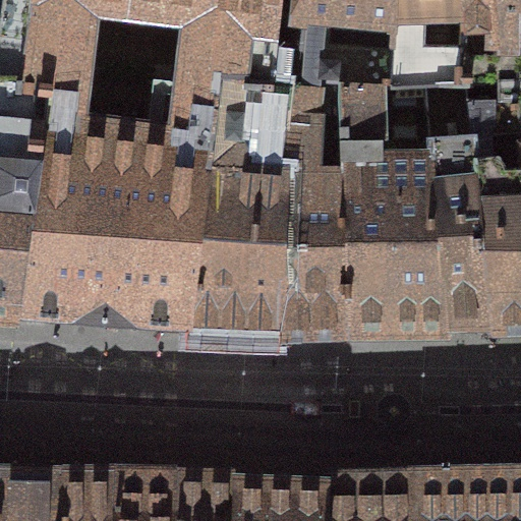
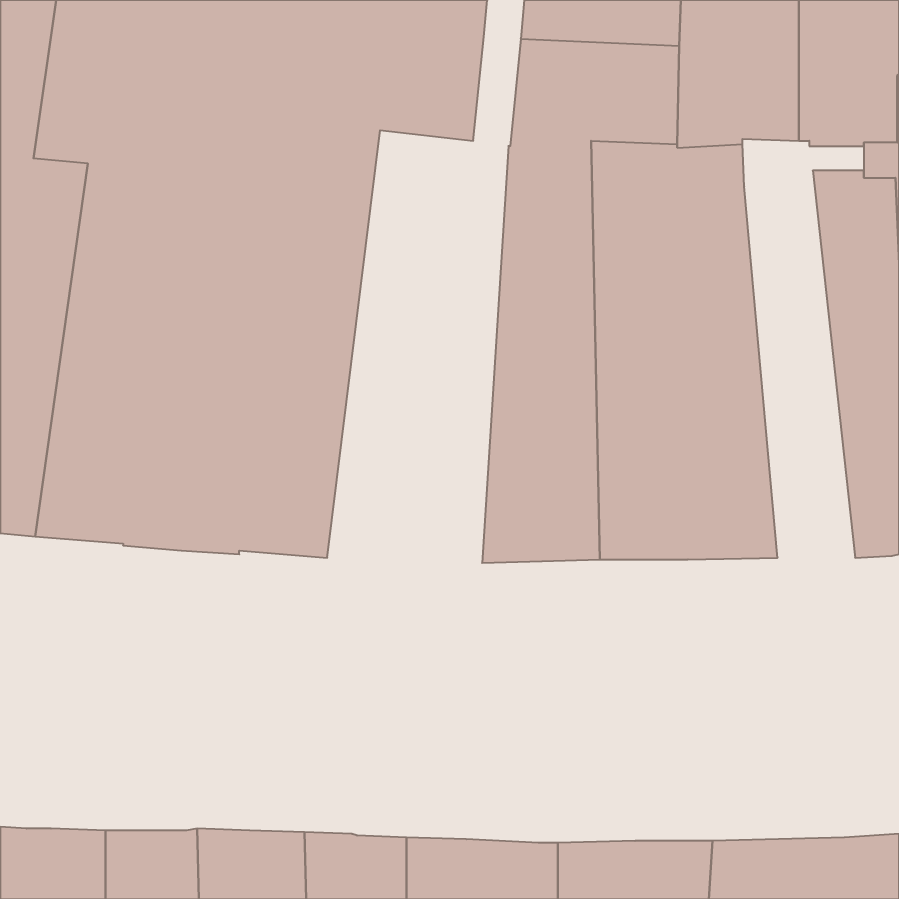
building: [189,75,294,326] -> none
building: [429,80,495,323] -> none

